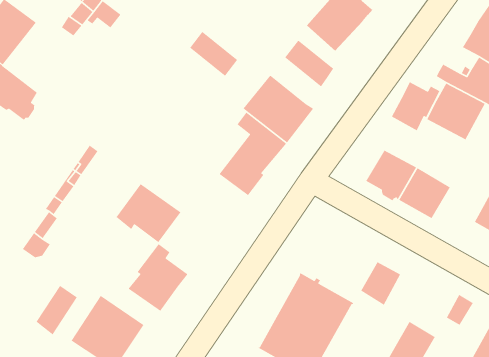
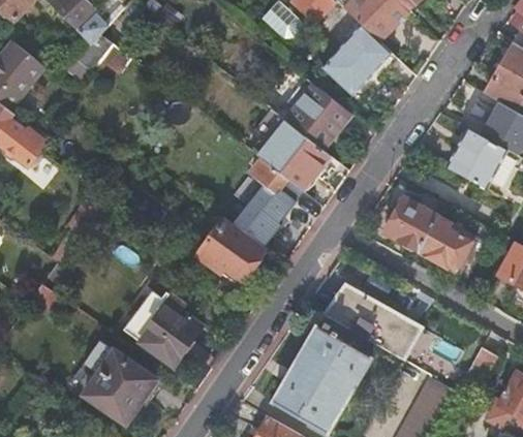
building: [189,31,238,77] -> [285,102,336,150]
building: [391,81,441,132] -> none
building: [116,183,181,243] -> [195,219,264,281]
building: none -> [326,283,396,344]
building: [35,285,78,335] -> none

